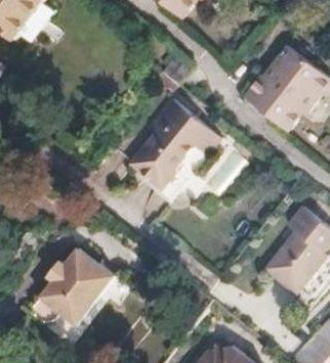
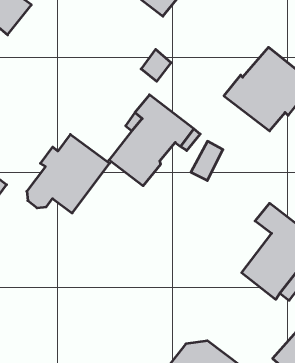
building: [31,246,113,324] -> [27,134,110,213]

